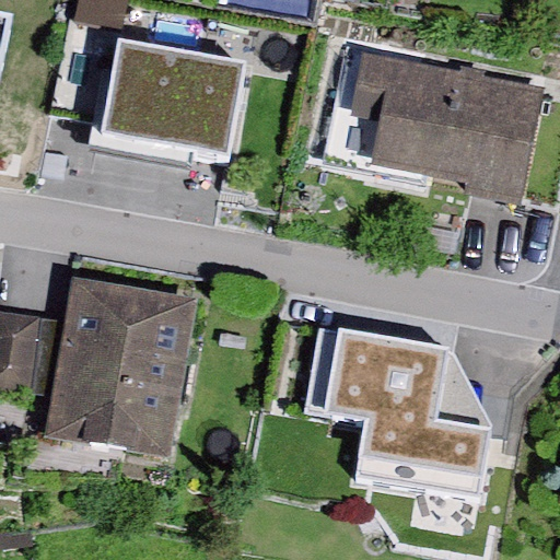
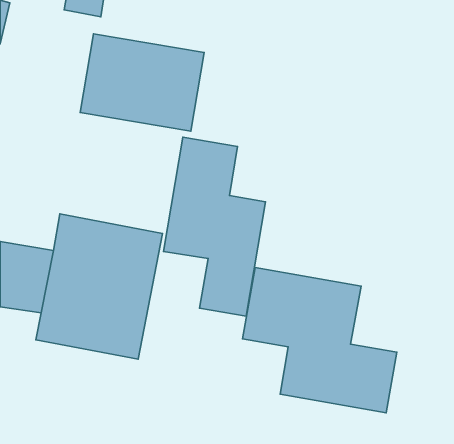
building: [348,50,541,198] -> none
building: none -> [163,137,266,316]

